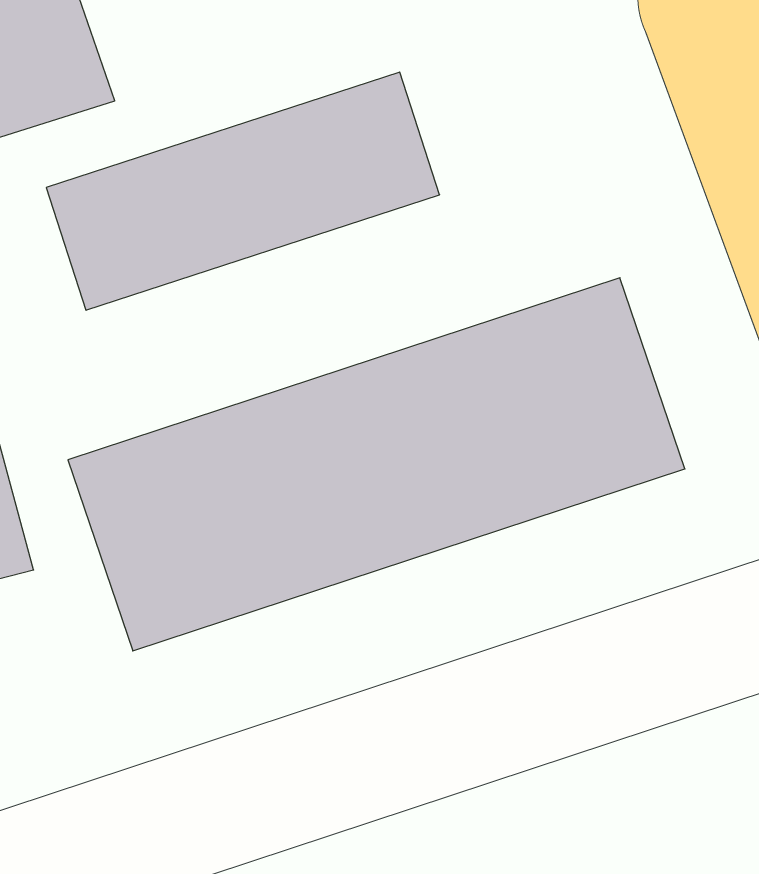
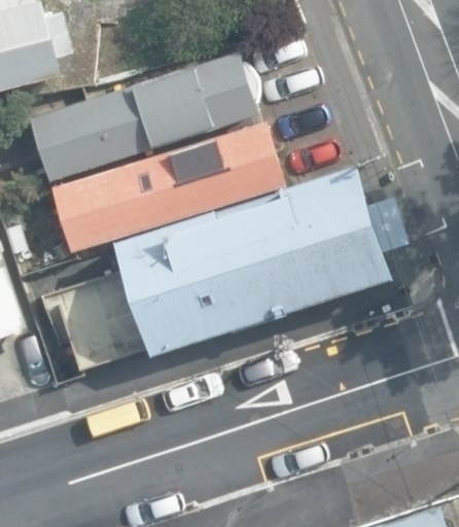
building: none -> [50,121,273,249]

